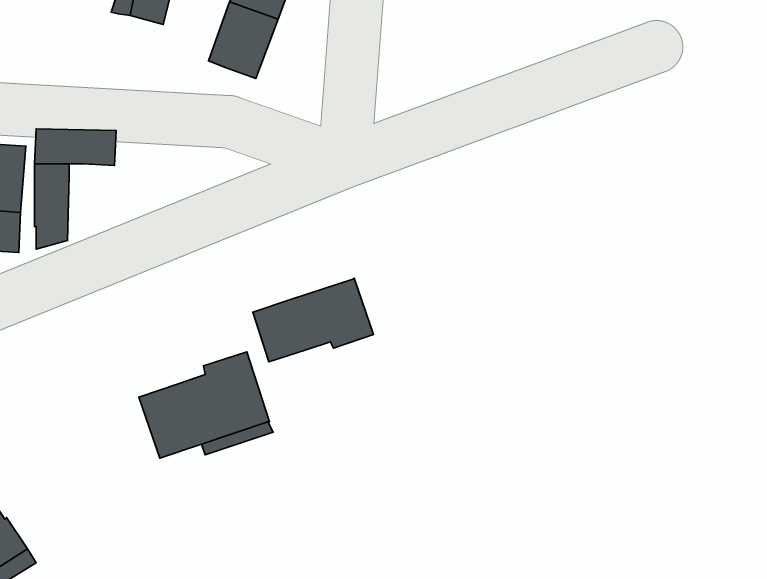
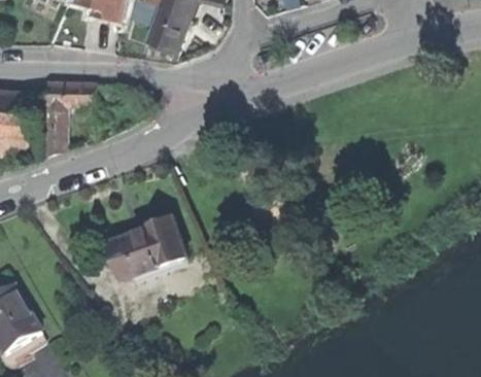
building: [253,278,374,362] -> none

